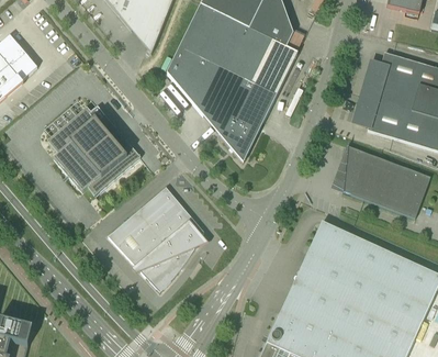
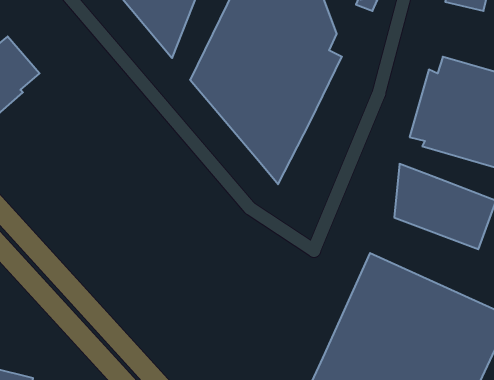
building: [47,105,141,196] -> none
building: [108,186,209,292] -> none

